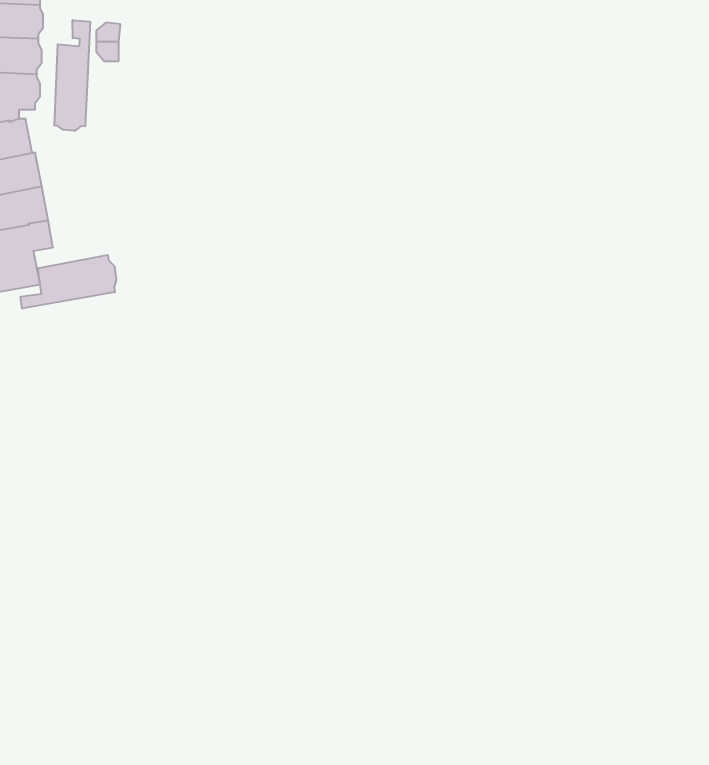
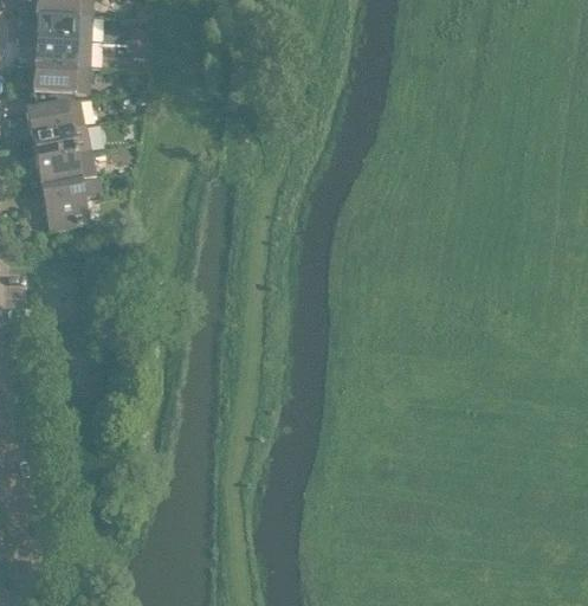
building: [55,20,90,131] -> none
building: [21,255,116,309] -> none

